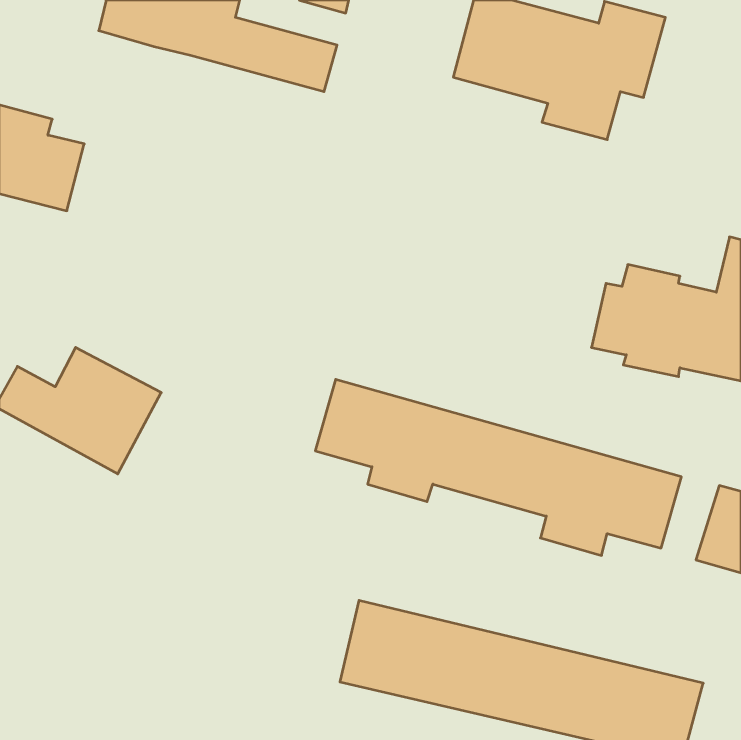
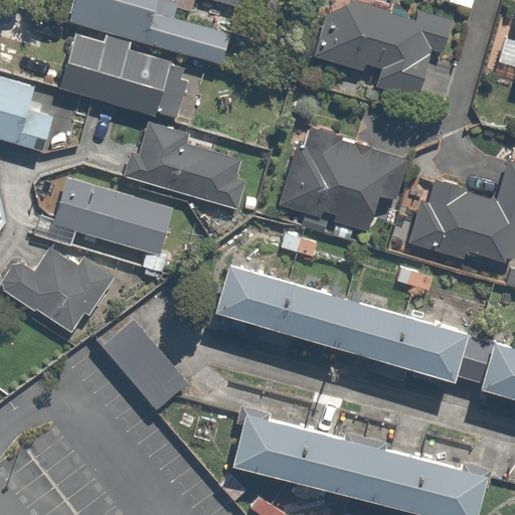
building: none -> [60,34,189,118]
building: none -> [123,122,253,211]
building: none -> [282,131,406,237]
building: none -> [31,176,180,254]
building: none -> [96,314,185,407]

